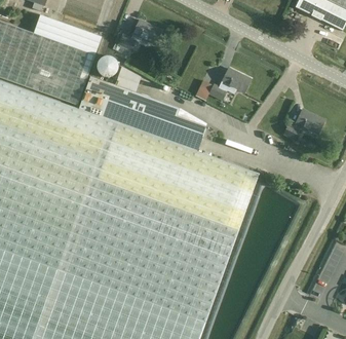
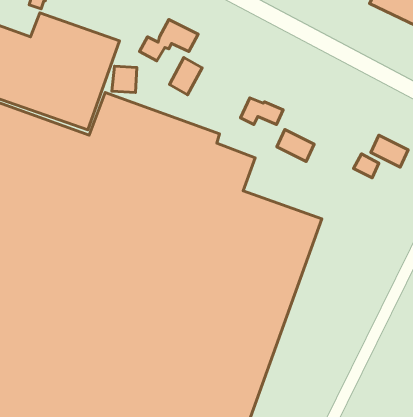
building: none -> [169,57,202,95]
building: [222,69,251,93] -> [277,129,314,161]

